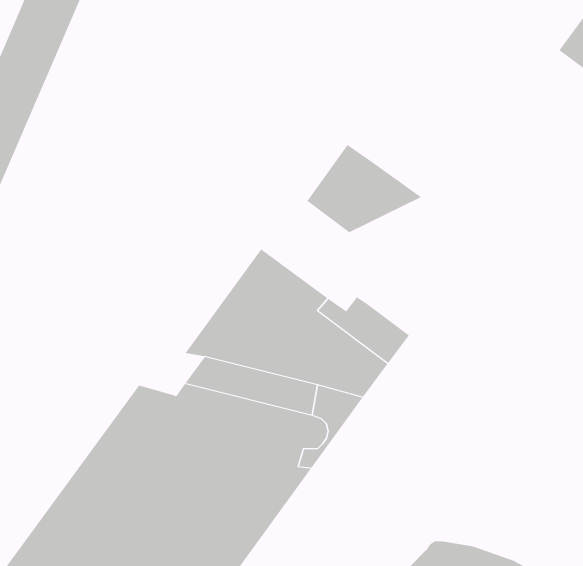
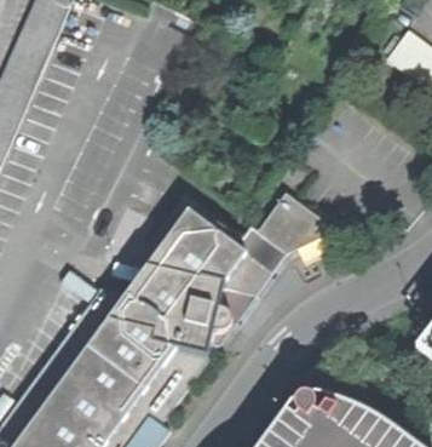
building: [307,144,422,233] -> [255,193,334,253]

